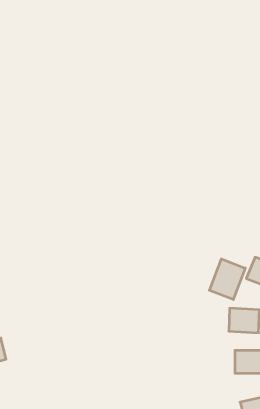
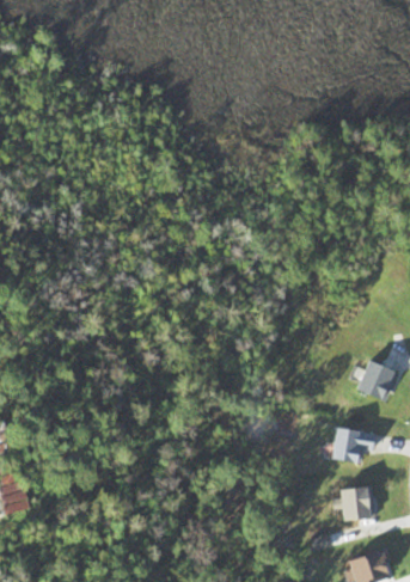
building: [209,259,245,300] -> none

